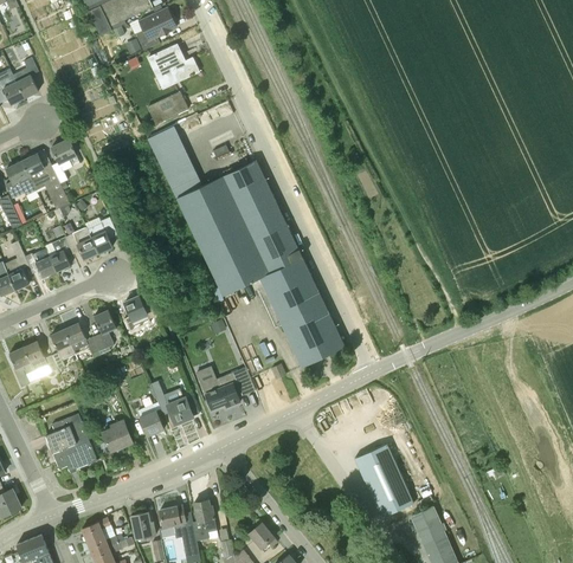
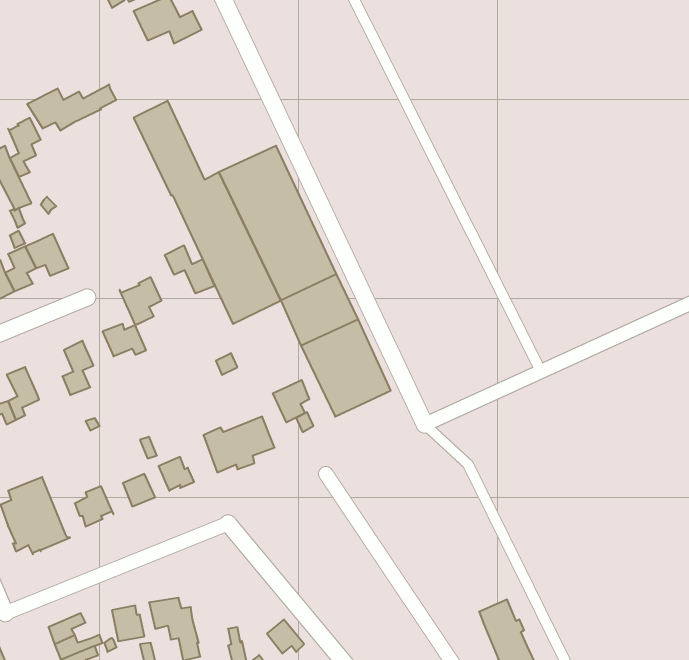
building: [147,91,187,124] -> none
building: none -> [27,84,116,131]
building: [85,216,117,253] -> [120,277,162,325]
building: none -> [165,245,215,293]
building: [64,322,98,354] -> none
building: none -> [273,380,309,422]
building: [354,444,413,517] -> none
building: [192,499,215,539] -> none

